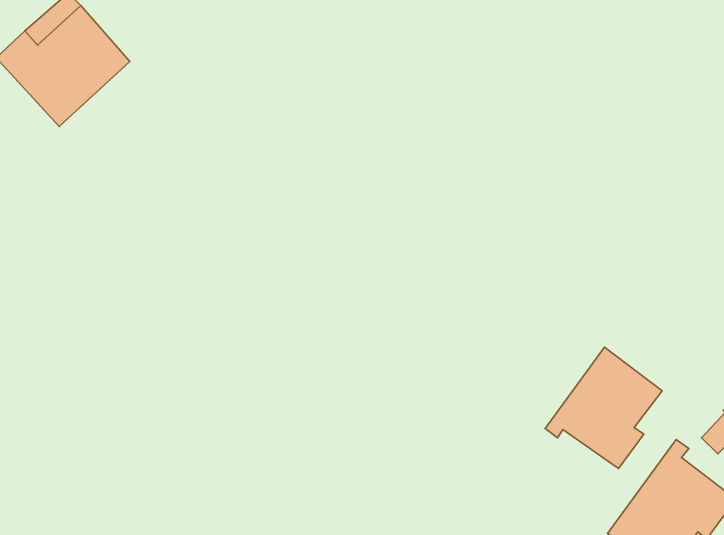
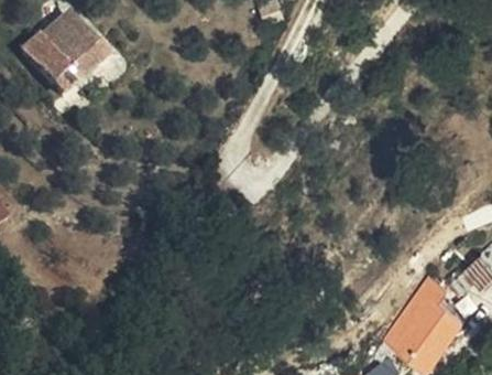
building: [545,347,662,468] -> none

